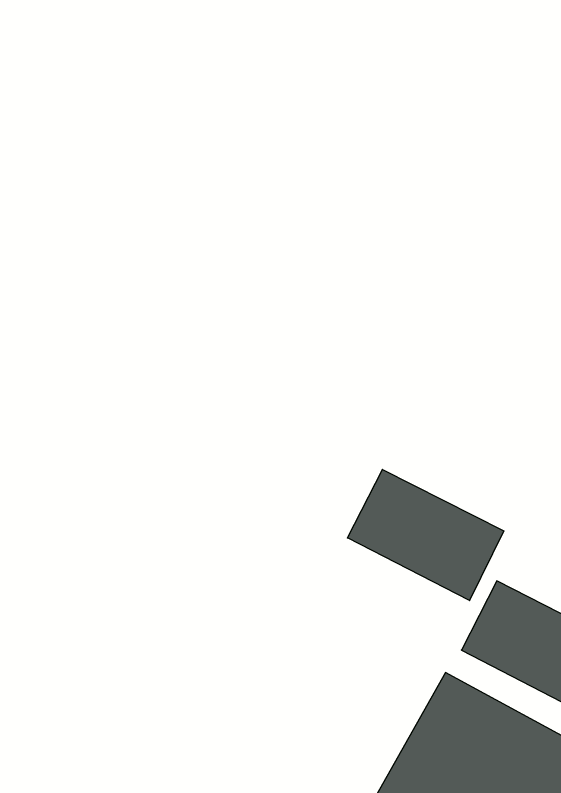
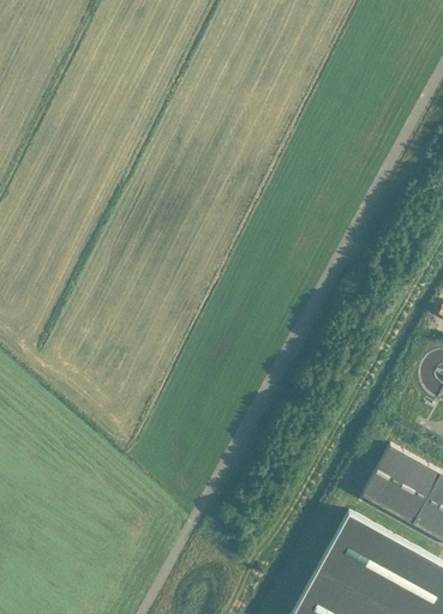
building: [347,469,504,601] -> none

